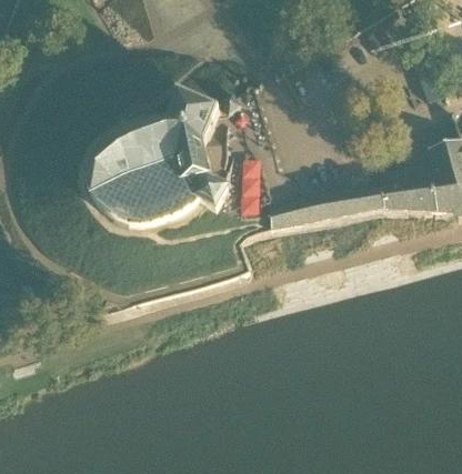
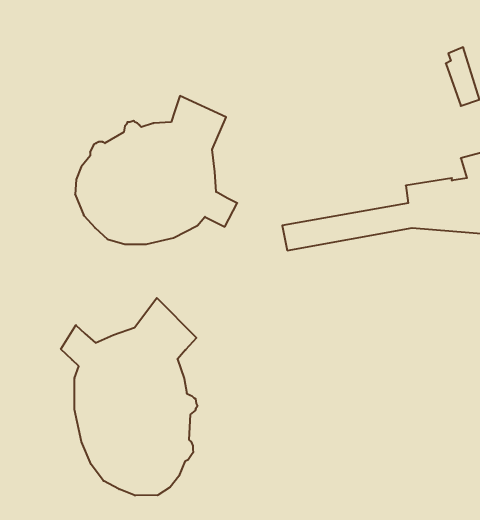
building: none -> [61,298,197,496]

